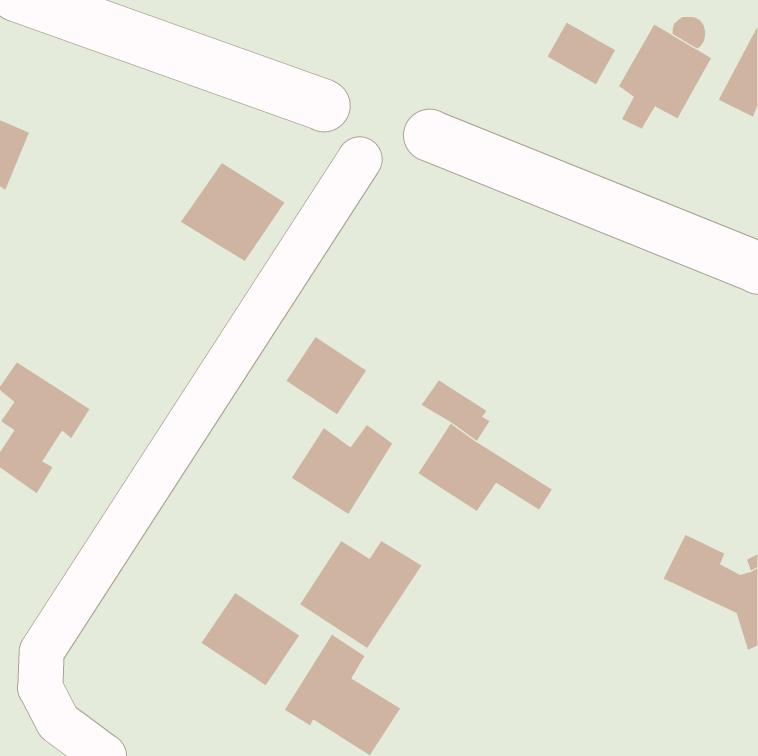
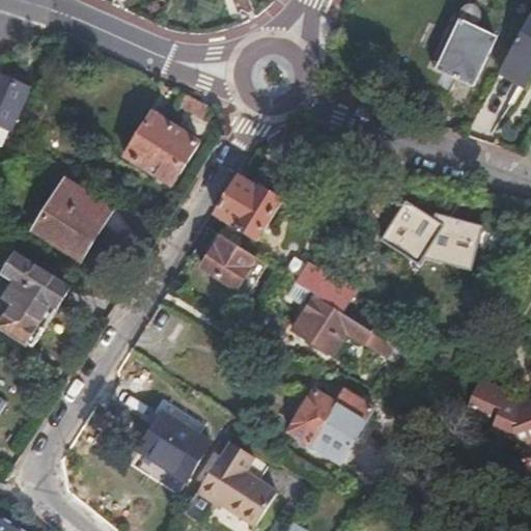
building: [547,22,616,85] -> none
building: none -> [34,183,110,262]
building: none -> [380,198,480,267]
building: [291,424,393,515] -> [215,176,286,240]
building: [299,540,423,649] -> [291,388,378,464]

